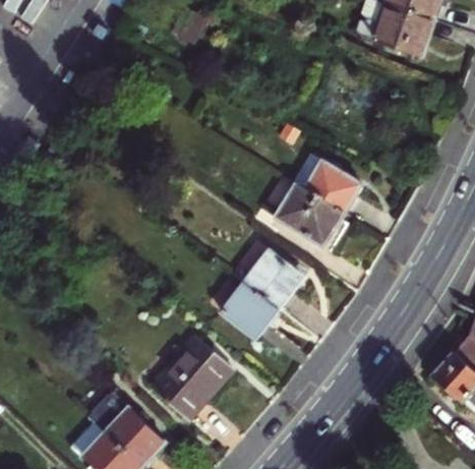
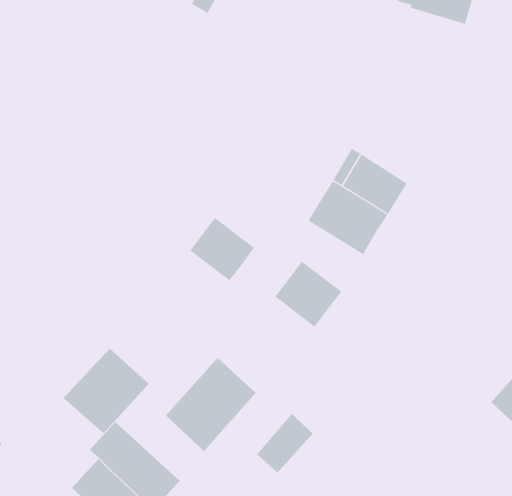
building: [227,285,283,340] -> [190,217,255,281]
building: none -> [63,348,150,434]
building: none -> [256,413,313,474]

